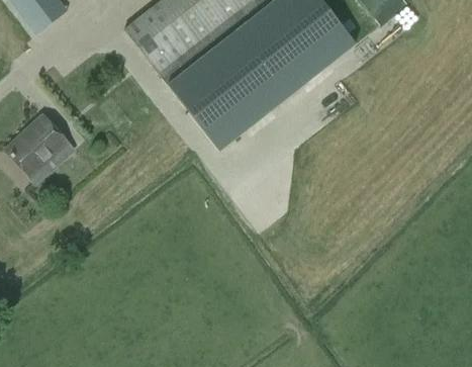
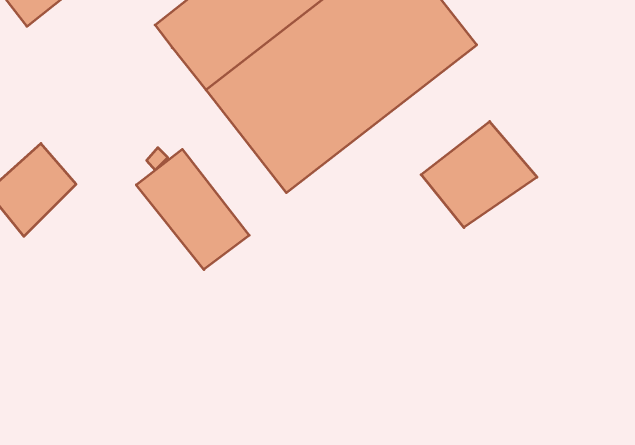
building: none -> [421,121,537,228]
building: none -> [136,149,249,270]

